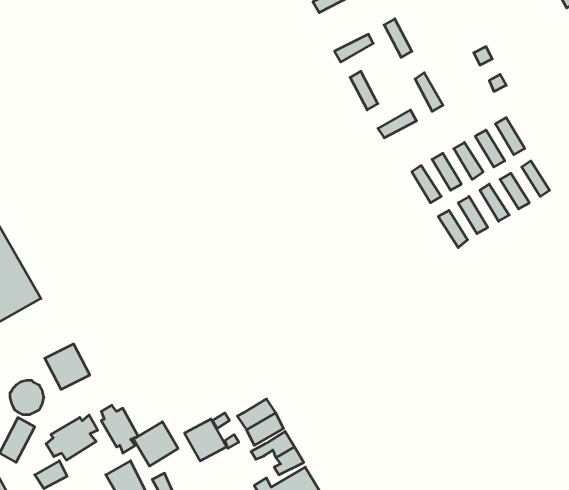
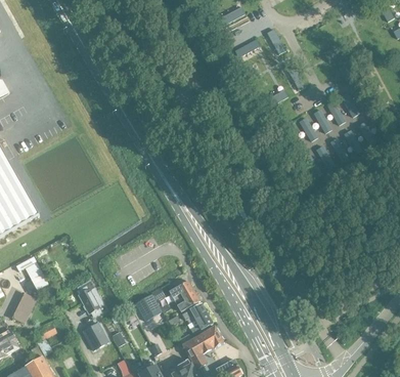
building: [45,344,90,389] -> none
building: [46,415,98,460] -> none
building: [134,422,178,466] -> none

